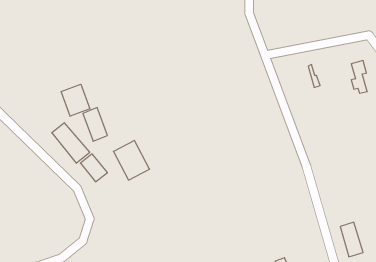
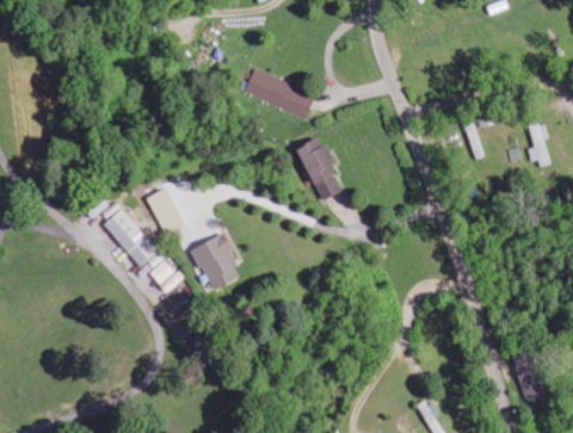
building: none -> [244,72,314,115]
building: none -> [296,137,344,200]
building: [61,84,90,116] -> none

